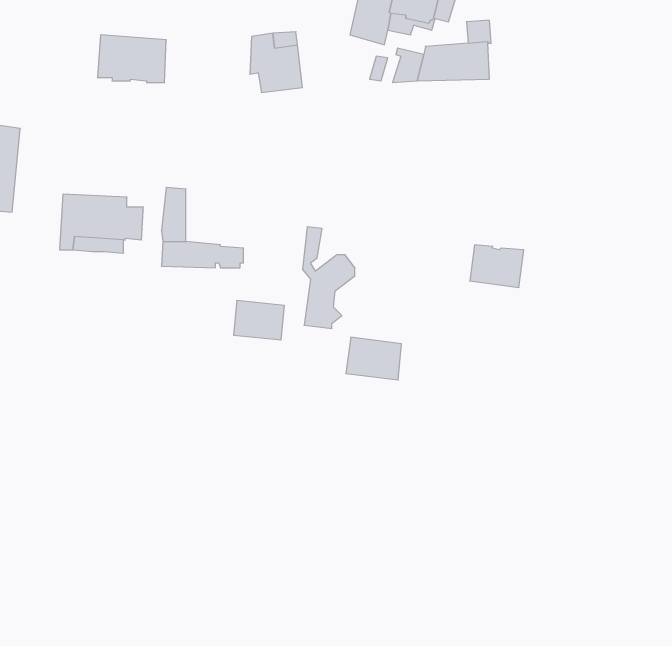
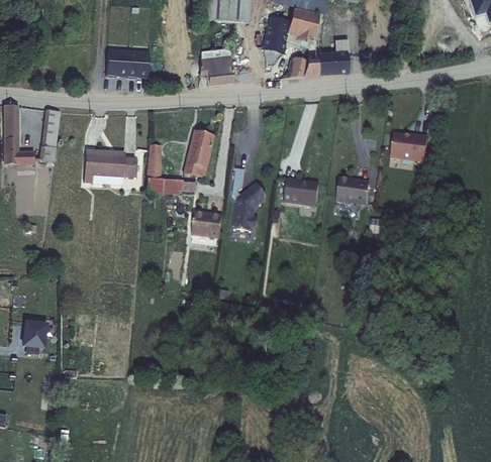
building: none -> [183,127,215,175]
building: none -> [390,132,427,160]
building: [346,337,402,380] -> [285,178,319,204]

